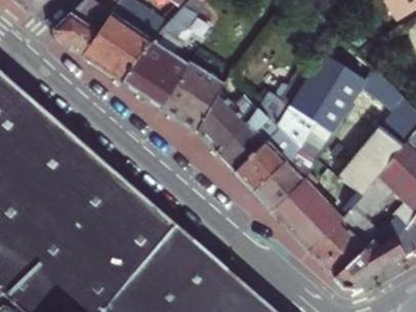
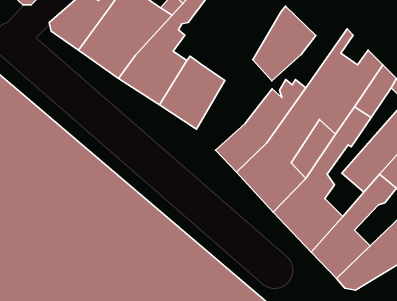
building: [196,79,257,152] -> [253,6,316,81]

